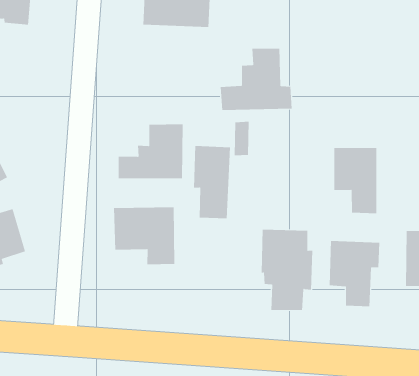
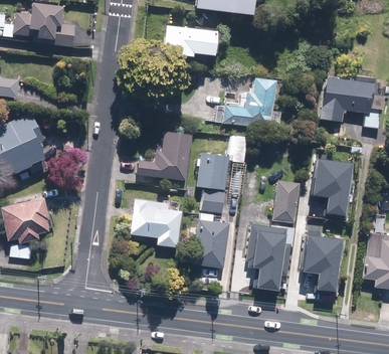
building: none -> [321,76,371,122]
building: none -> [274,181,299,221]
building: none -> [192,213,229,267]

